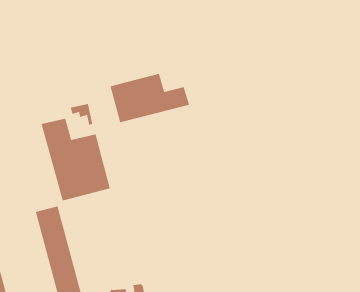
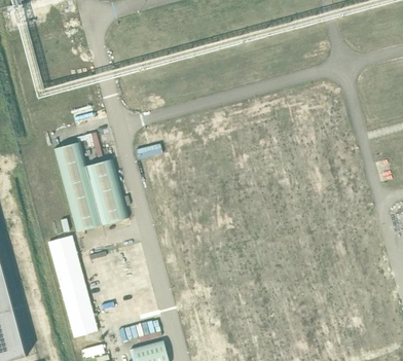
building: [109,73,190,123] -> none

